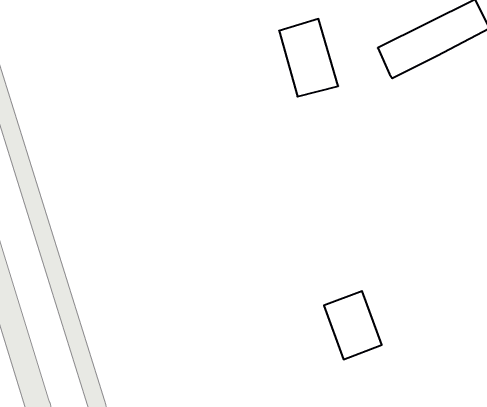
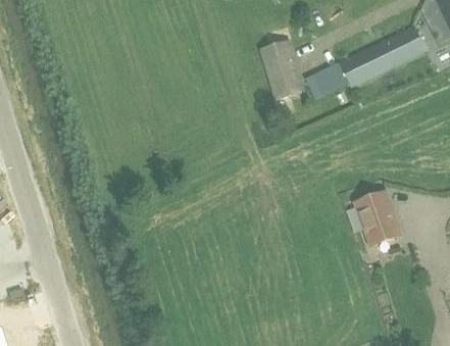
building: none -> [304,63,345,98]
building: [324,291,382,359] -> [355,193,400,246]

